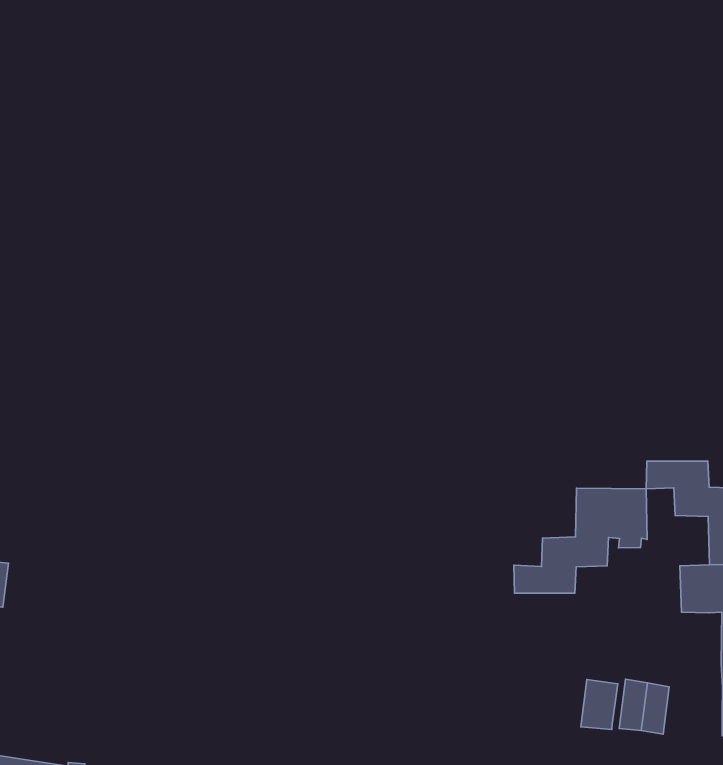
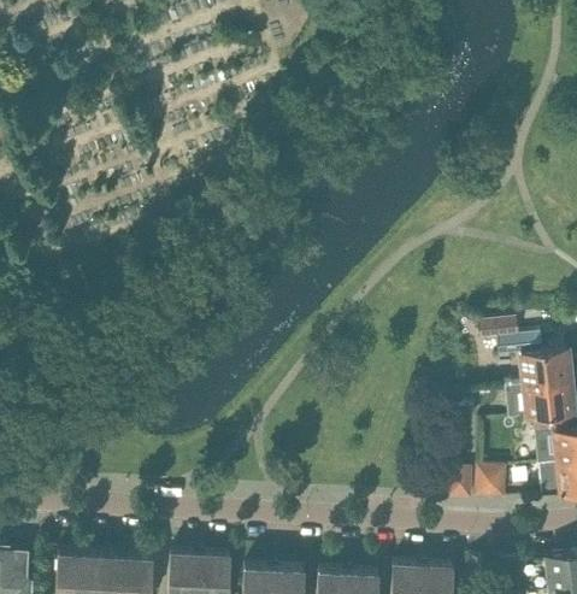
building: [514,488,647,593] -> none

